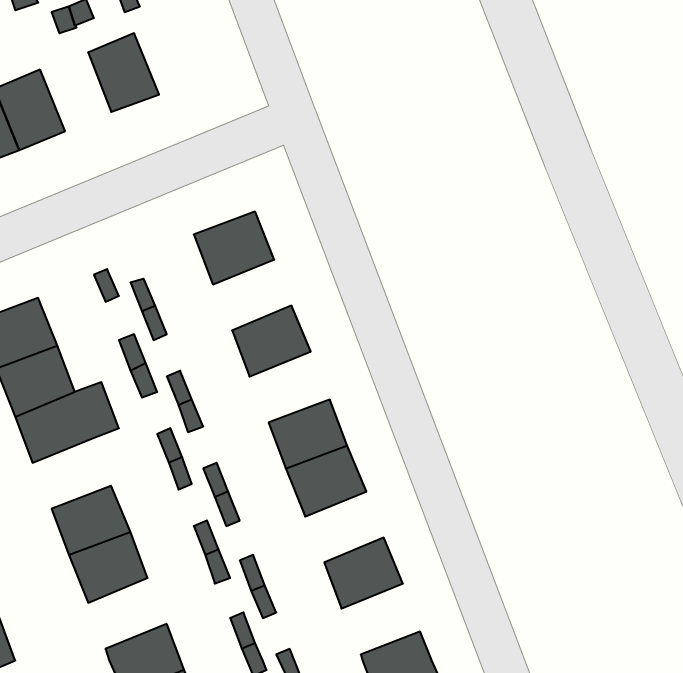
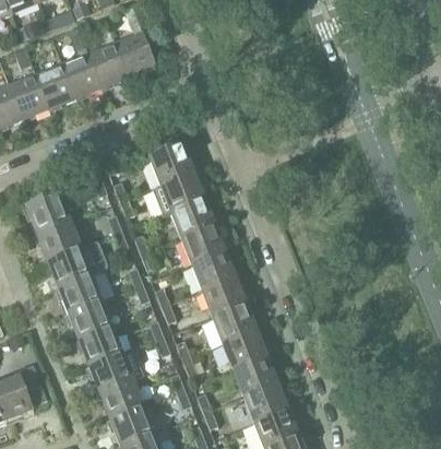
building: none -> [116,31,157,76]
building: none -> [62,52,103,97]
building: none -> [153,167,207,214]
building: none -> [181,223,227,263]
building: none -> [58,272,103,312]
building: none -> [213,303,258,343]
building: none -> [90,347,145,392]
building: none -> [234,355,278,395]

